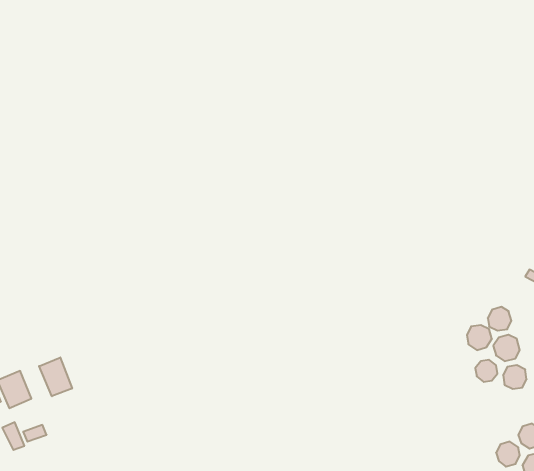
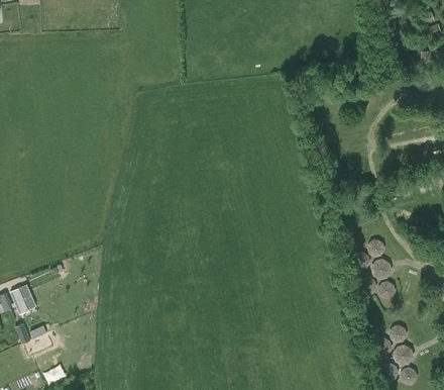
building: [39,357,72,396] -> none

